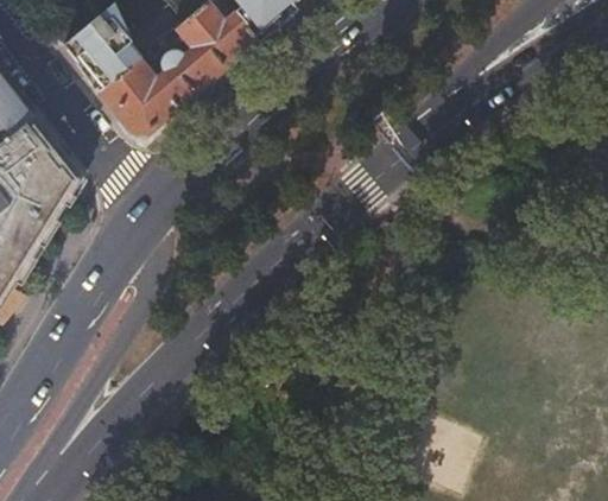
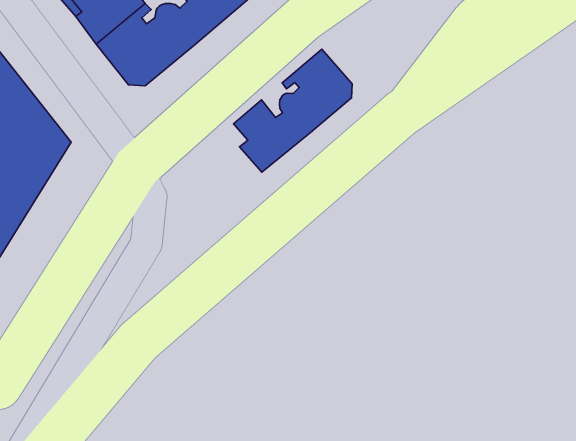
building: none -> [233,49,352,172]

